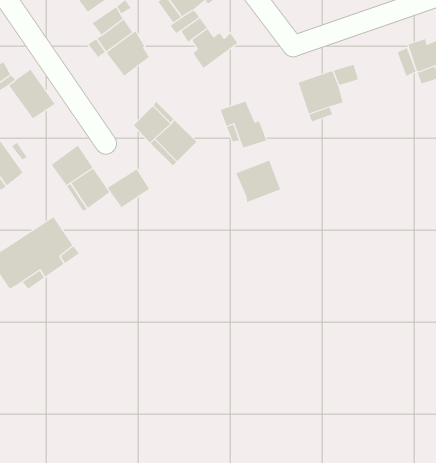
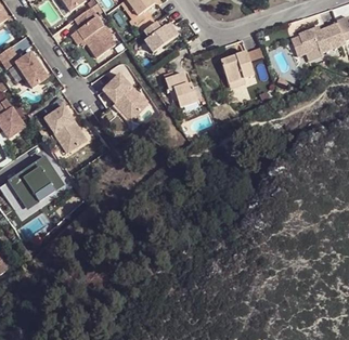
building: [235,160,281,203] -> none
building: [107,169,150,208] -> none

